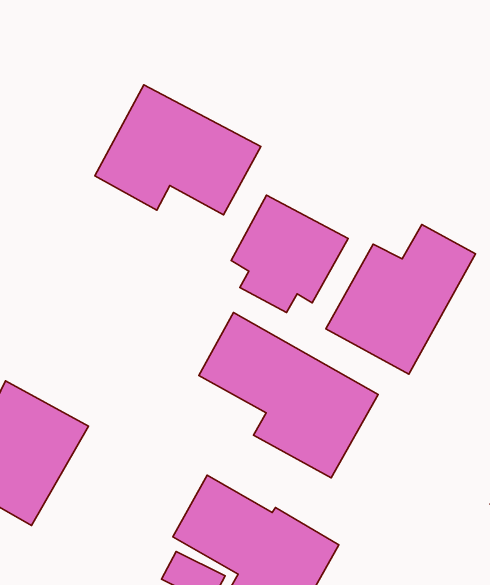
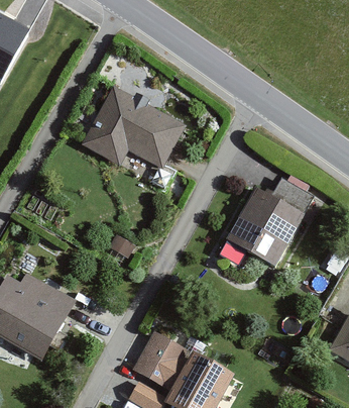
building: [231,195,348,312] -> none
building: [199,312,378,478] -> none

